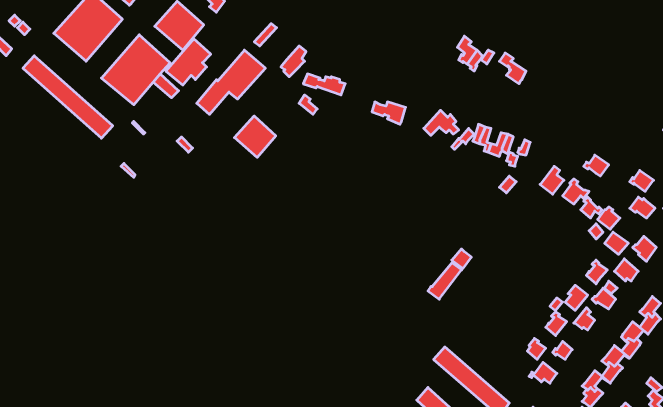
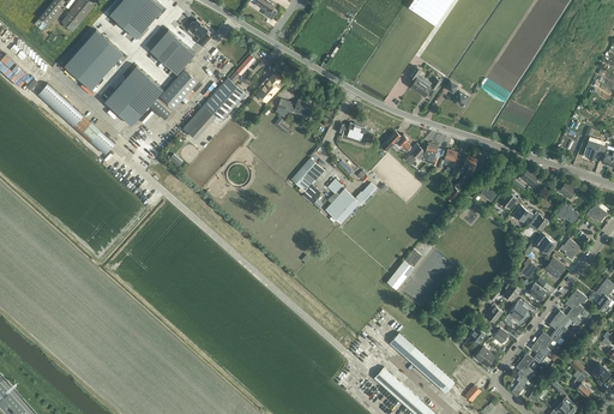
building: [234,116,276,157] -> none
building: none -> [290,158,324,192]
building: none -> [325,179,374,223]

